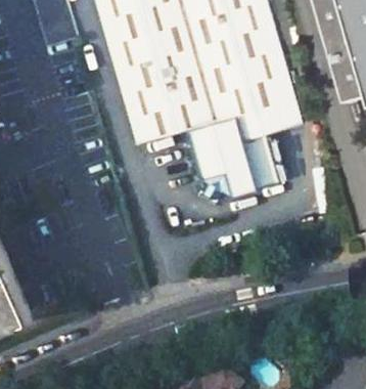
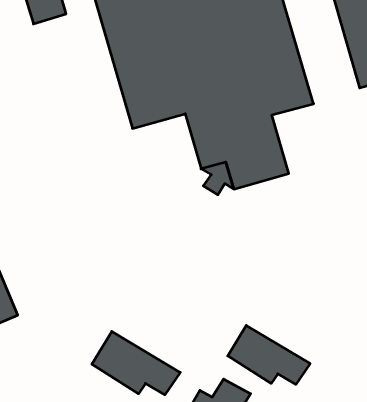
building: none -> [228,325,310,384]
building: none -> [92,331,180,395]

